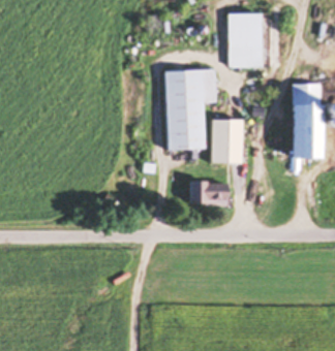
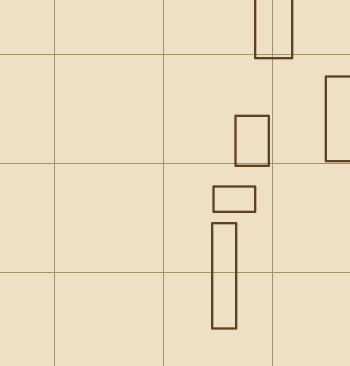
building: [166,69,217,150] -> none
building: none -> [212,223,236,328]

